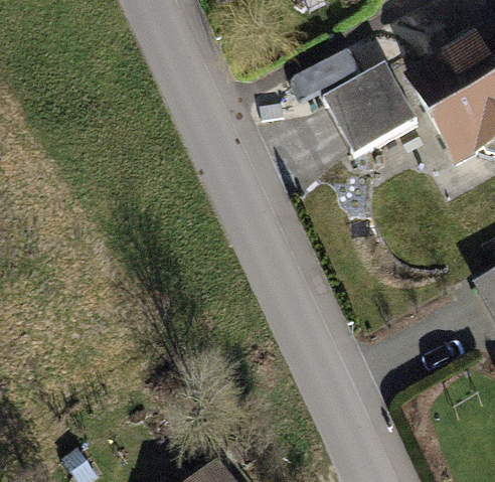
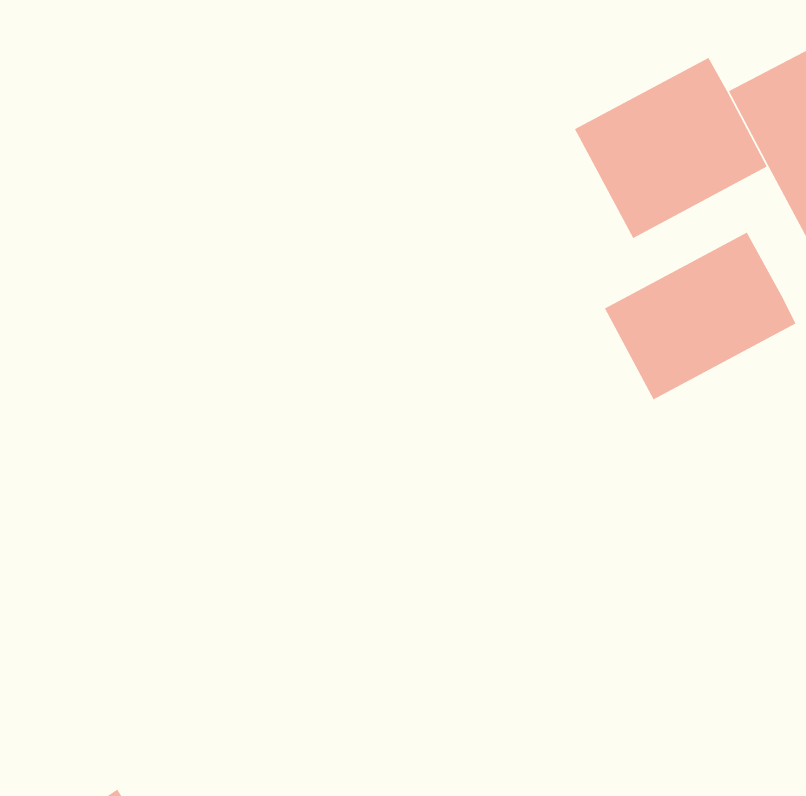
building: none -> [604,232,797,400]

